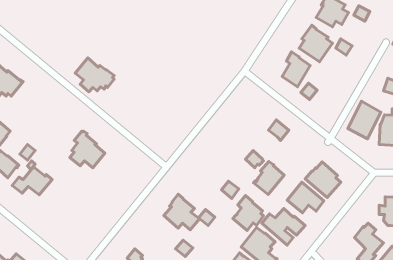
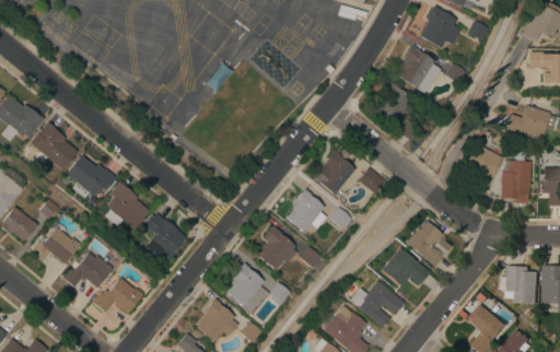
building: [75,58,114,92] -> [65,154,115,198]
building: none -> [28,122,77,169]
building: none -> [313,152,354,195]
building: none -> [143,213,184,259]
building: [254,161,284,195] -> [284,189,324,232]
building: none -> [61,251,120,288]
building: [233,196,263,230] -> [256,225,295,270]
building: none -> [92,278,142,314]
building: none -> [194,298,237,342]

